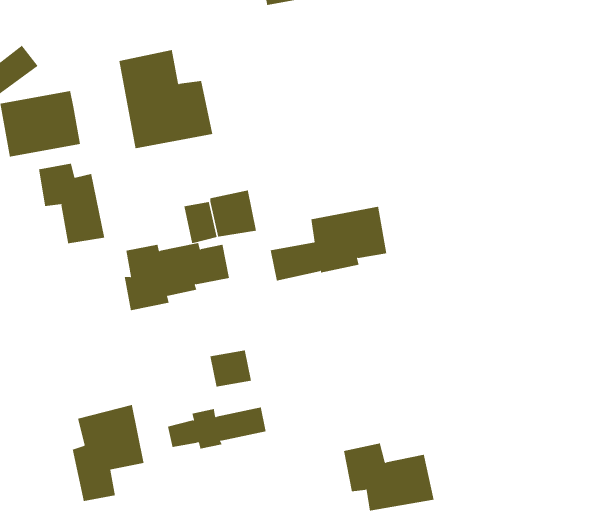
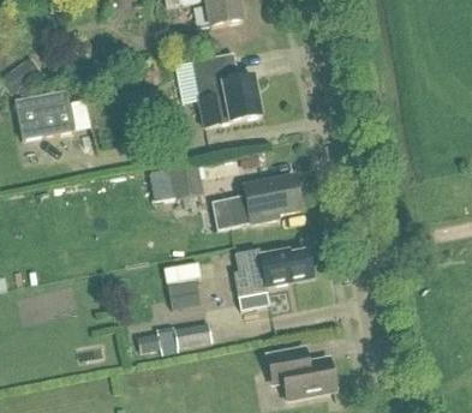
building: [119,49,213,149] -> [193,53,263,126]
building: [38,163,105,244] -> none
building: [124,242,230,311] -> [234,247,312,298]
building: [72,404,144,502] -> none

